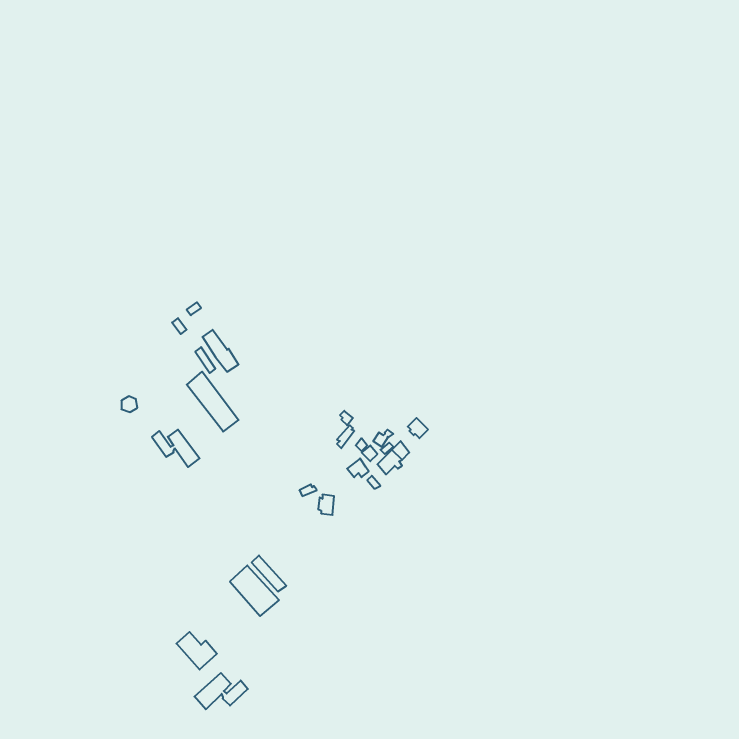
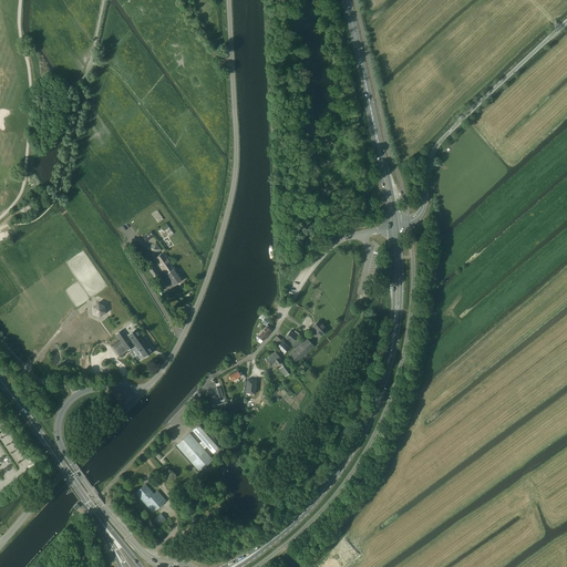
building: [187,372,239,432] -> none
building: [194,673,248,709] -> none

